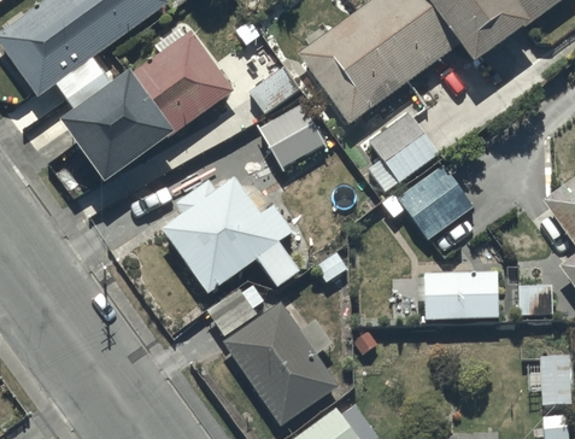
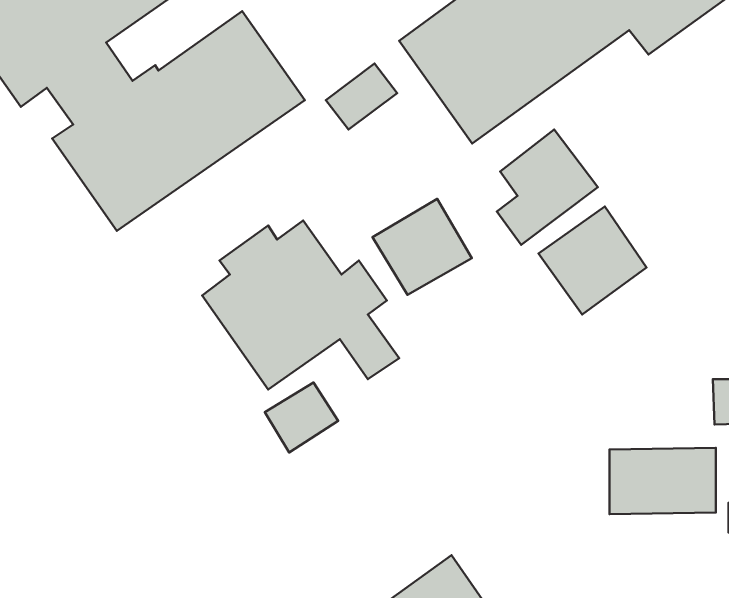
building: [259,103,328,169] -> [373,199,472,295]
building: [423,271,497,317] -> [609,448,716,514]
building: [222,303,338,427] -> none

